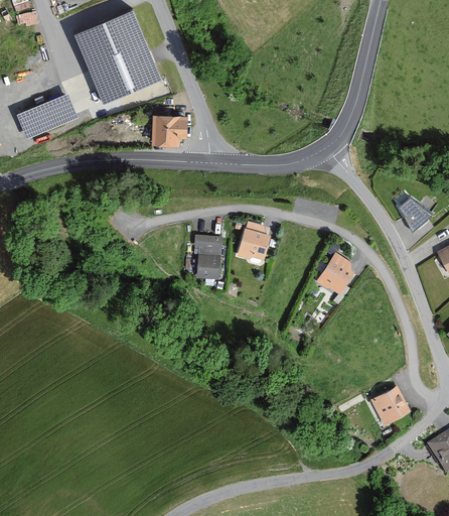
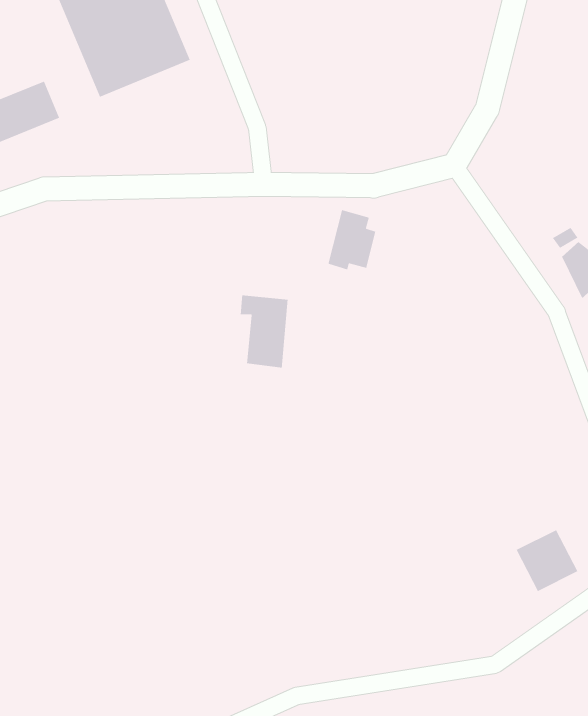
building: [152,112,188,145] -> none
building: [238,220,269,259] -> [327,209,376,271]
building: [316,251,354,295] -> none

